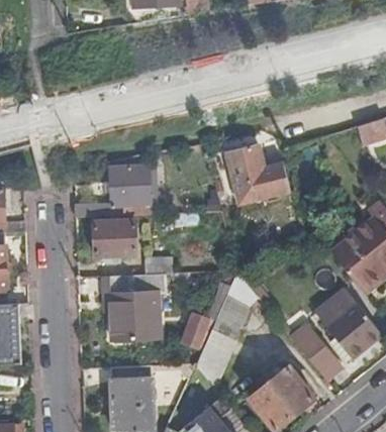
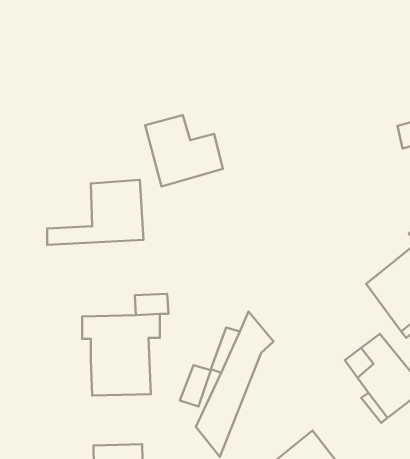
building: [227,142,290,200] -> [145,115,223,187]
building: [94,221,136,256] -> none
building: [291,325,341,380] -> none

